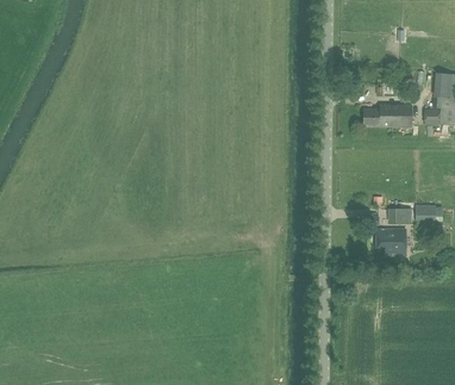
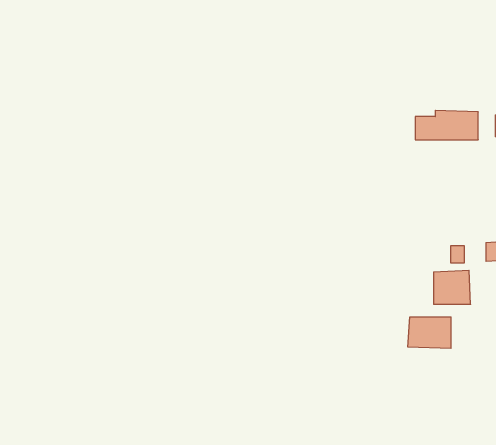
building: none -> [408,317,451,348]

